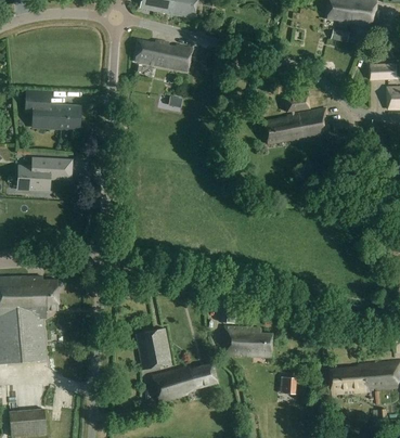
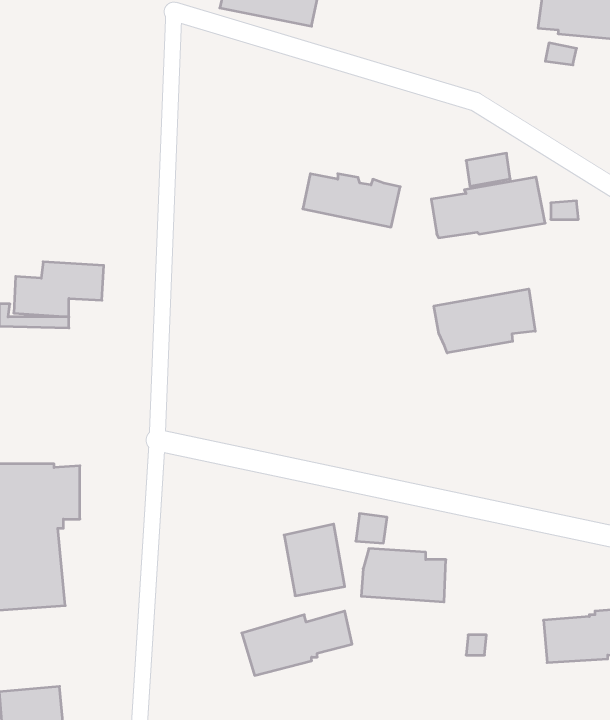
building: [136,39,193,70] -> [303,174,400,227]
building: [24,88,81,130] -> none
building: none -> [434,289,535,353]
building: [136,326,171,369] -> [284,524,345,596]

